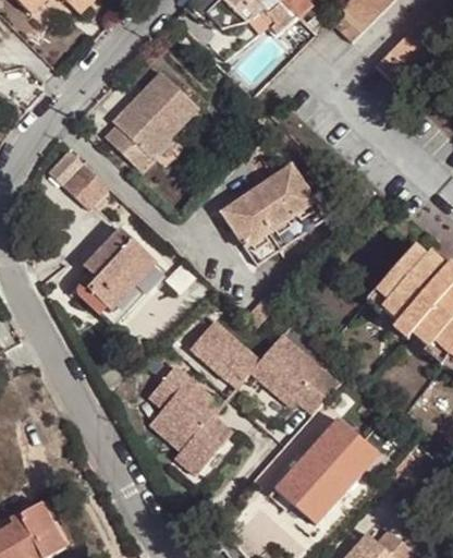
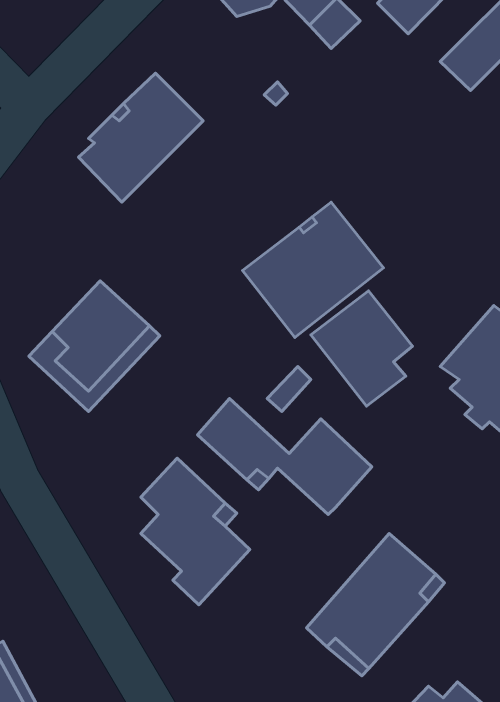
building: [51,153,107,208] -> none
building: none -> [311,291,412,406]
building: [294,367,339,413] -> none

